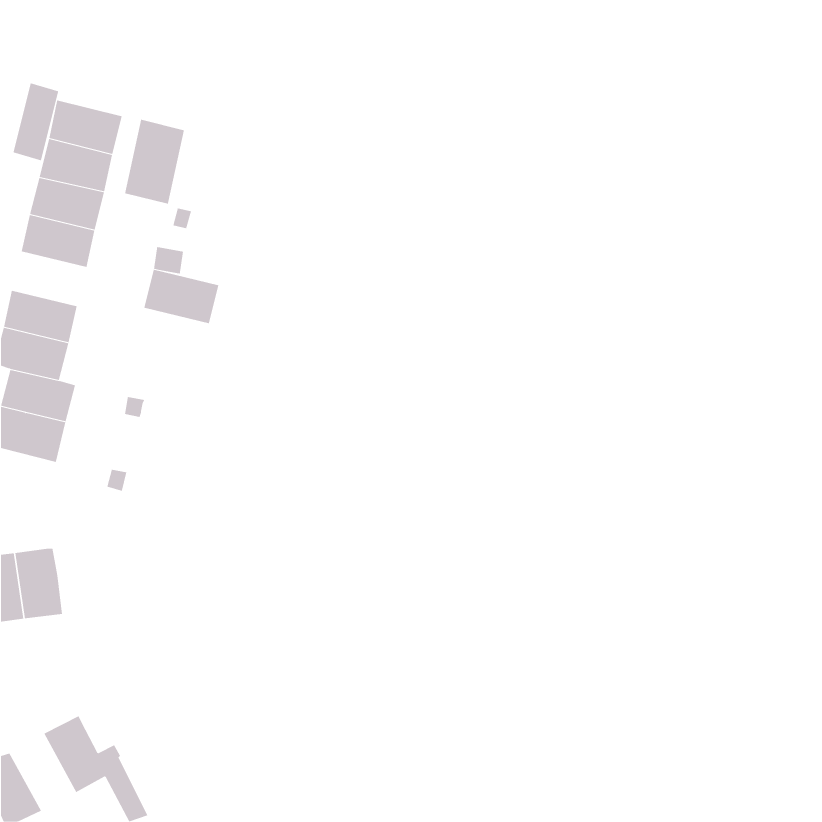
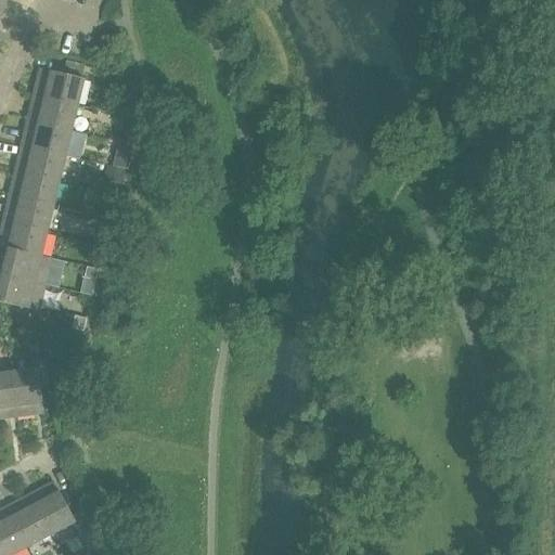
building: [13,83,59,161] -> none
building: [124,119,185,205] -> none
building: [143,269,219,324] -> [9,169,60,206]
building: none -> [8,493,52,545]

